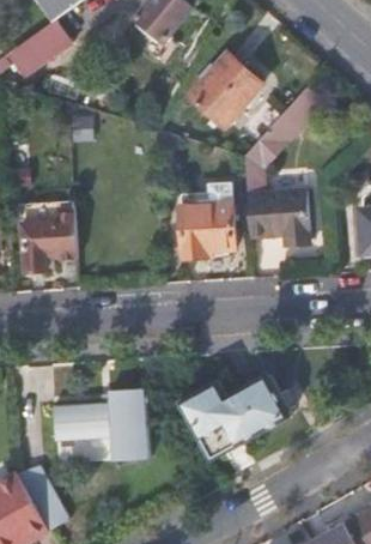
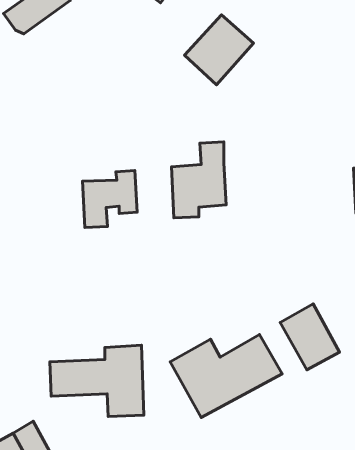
building: [243,86,322,244] -> none
building: [20,214,75,272] -> [82,171,137,228]
building: none -> [280,304,339,370]

